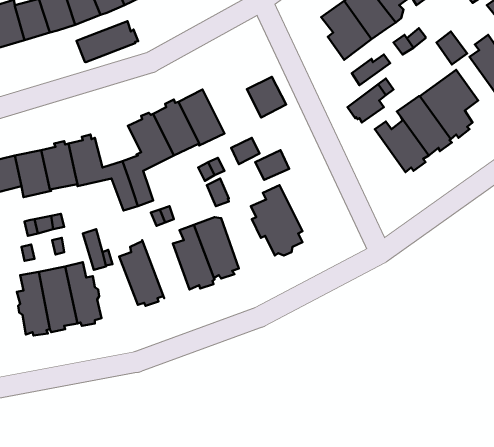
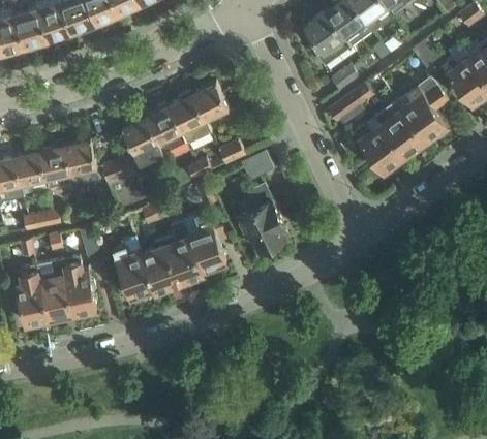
building: [76,21,138,62] -> none
building: [247,77,286,118] -> [191,83,229,121]
building: none -> [134,236,179,293]

